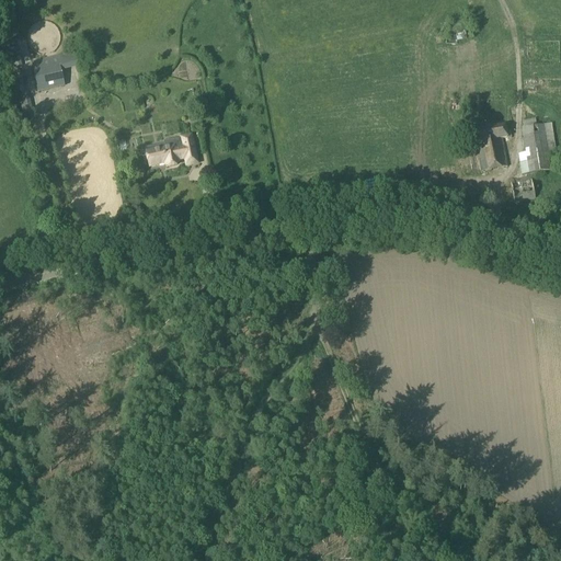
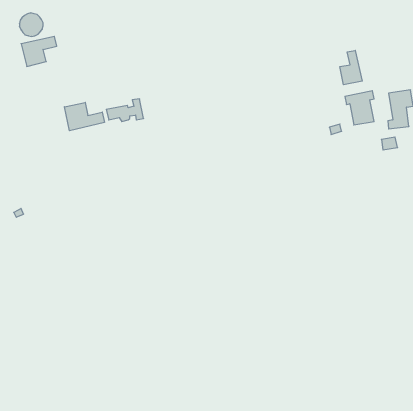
building: none -> [340,50,362,85]
building: none -> [64,102,104,131]

